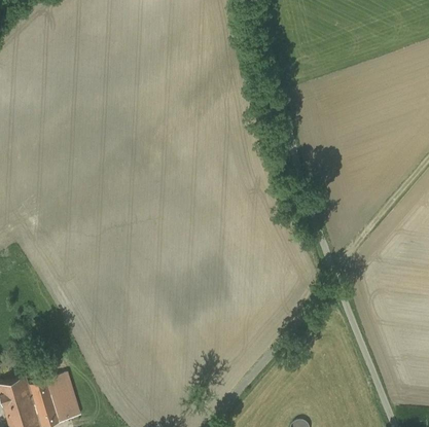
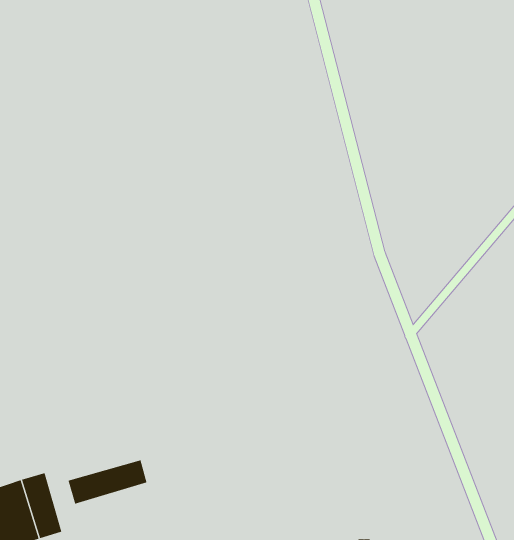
building: none -> [68,460,147,504]

